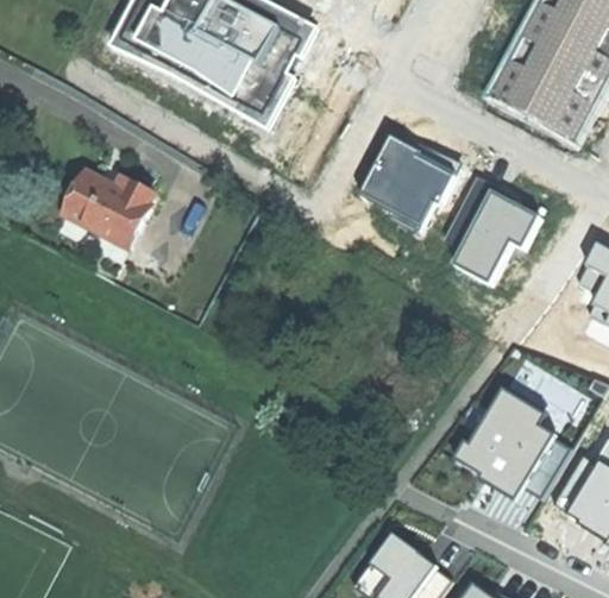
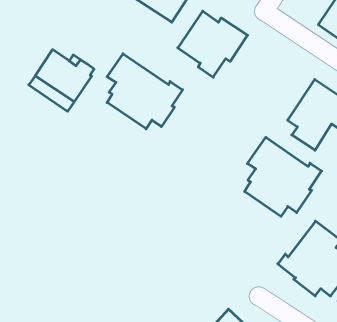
building: [365,138,466,234] -> [178,11,248,77]
building: none -> [107,54,183,129]
building: none -> [245,137,322,216]

